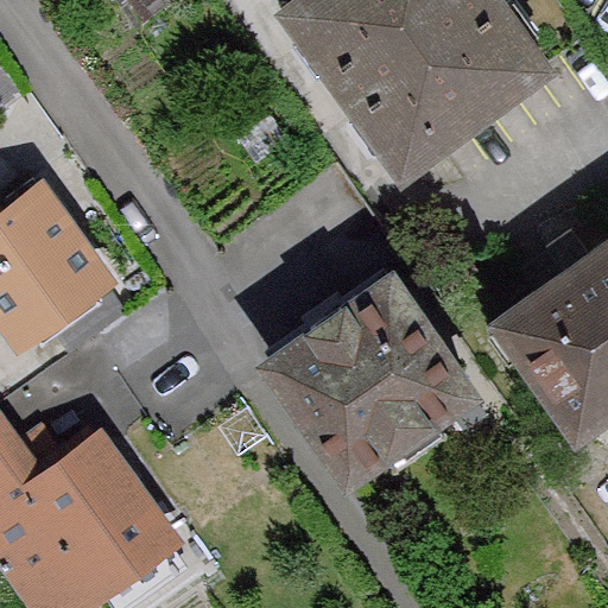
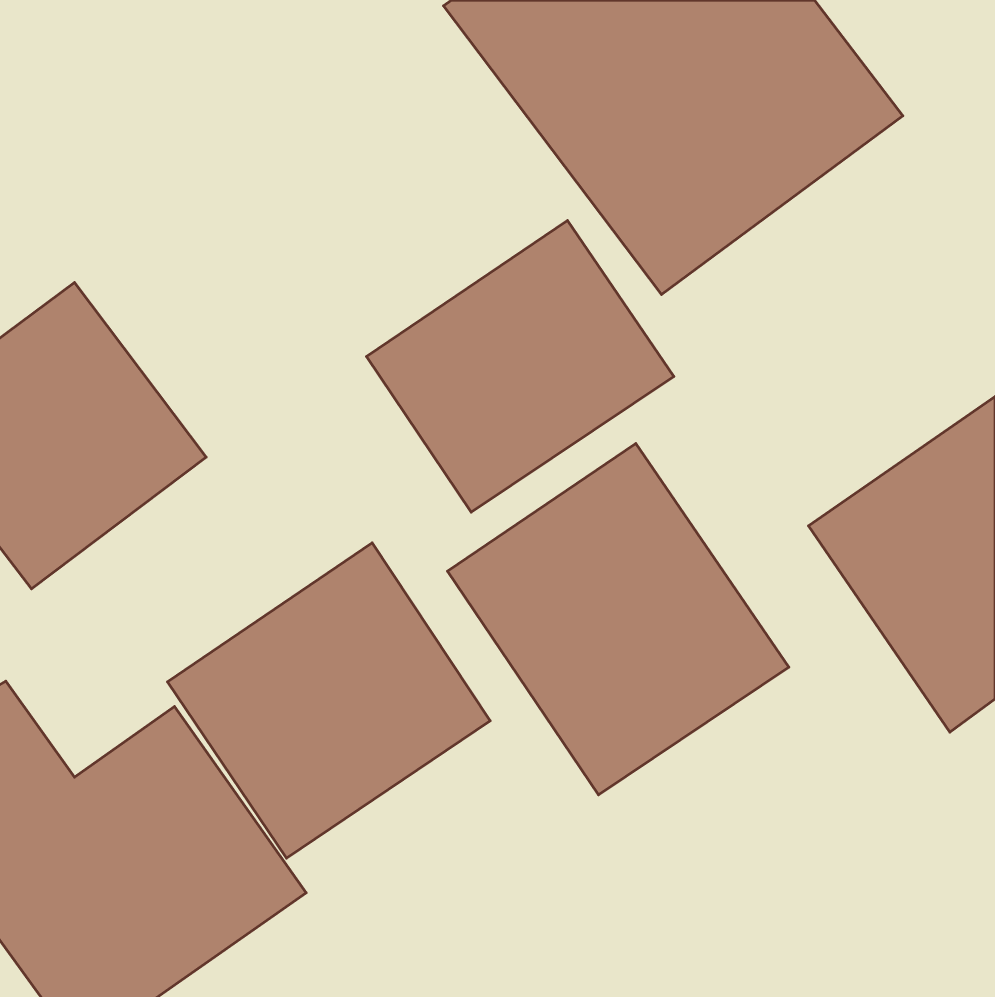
building: none -> [366,221,674,512]
building: none -> [167,543,490,858]

